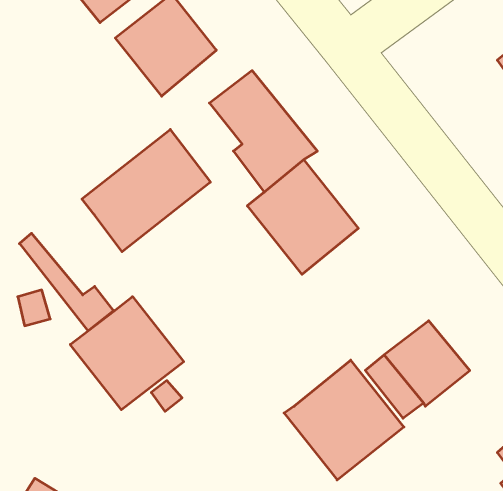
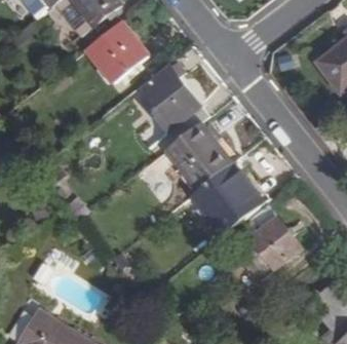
building: [82,129,210,252] -> none
building: [70,297,184,410] -> none
building: [284,360,404,480] -> [193,162,265,234]

